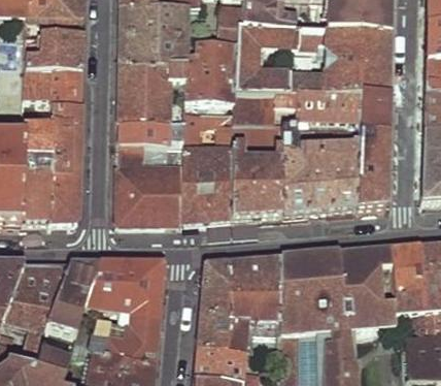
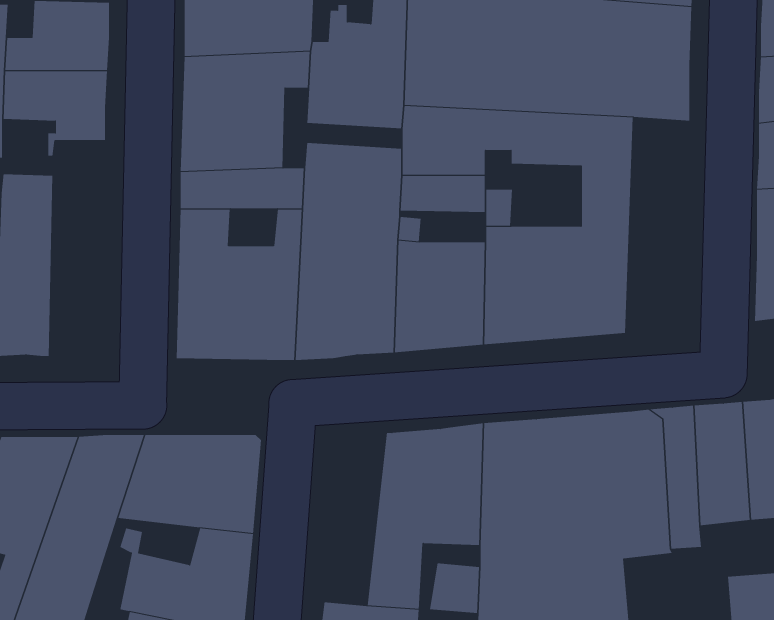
building: [355,94,389,208] -> none
building: [50,106,80,221] -> none
building: [196,261,229,353] -> none

